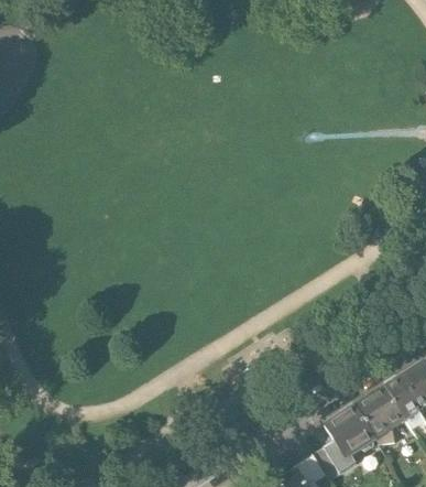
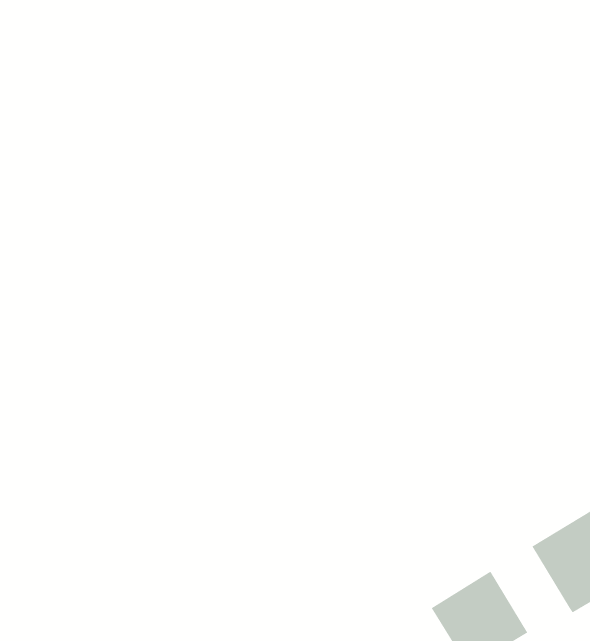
building: [356,383,408,442] -> none

